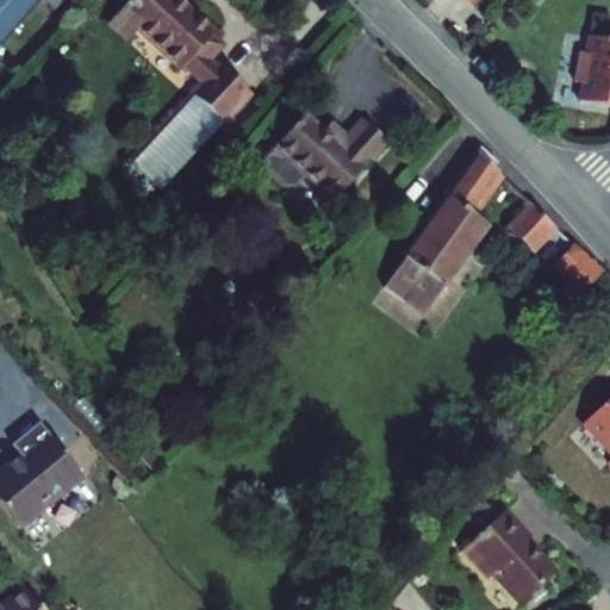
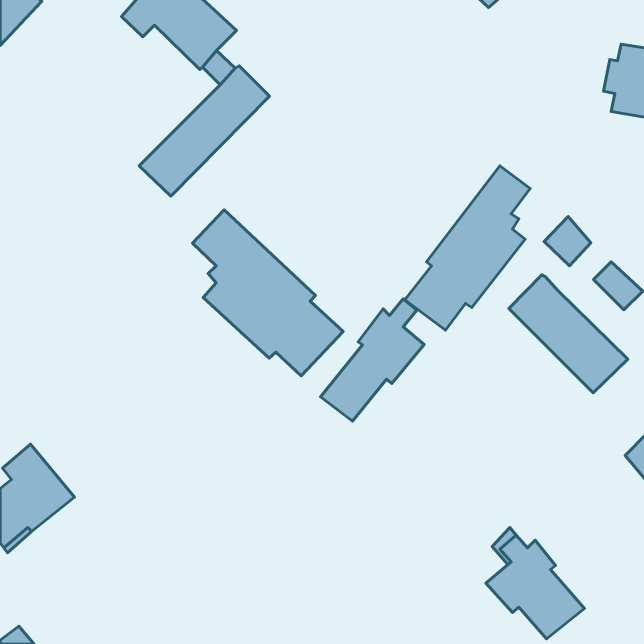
building: [273,117,392,201] -> none
building: none -> [192,210,343,376]
building: none -> [509,275,628,393]
building: none -> [321,299,424,421]

